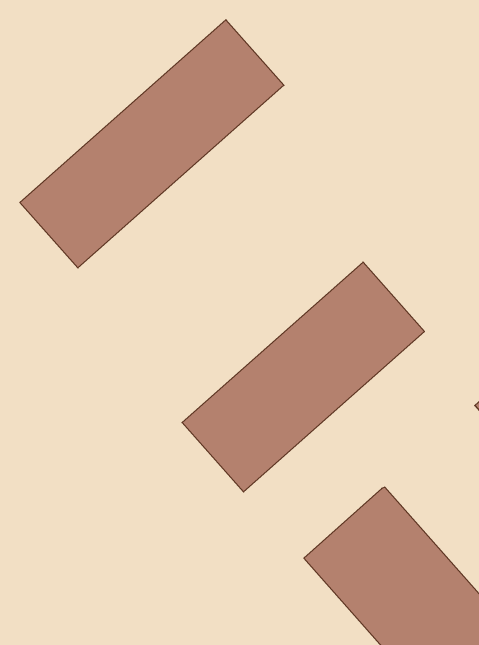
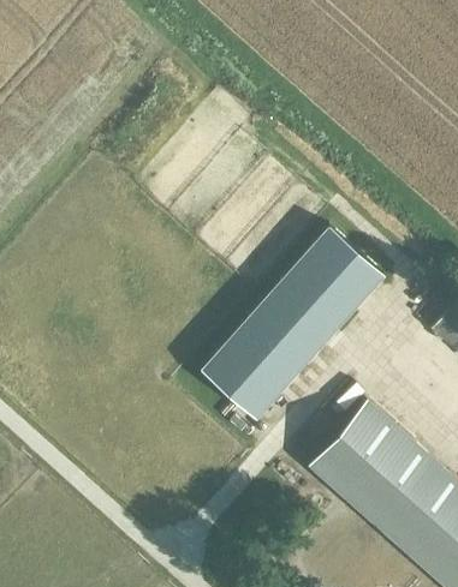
building: [20,20,284,268] -> none

